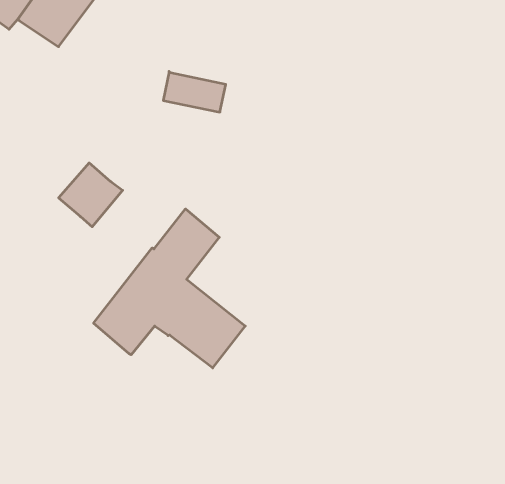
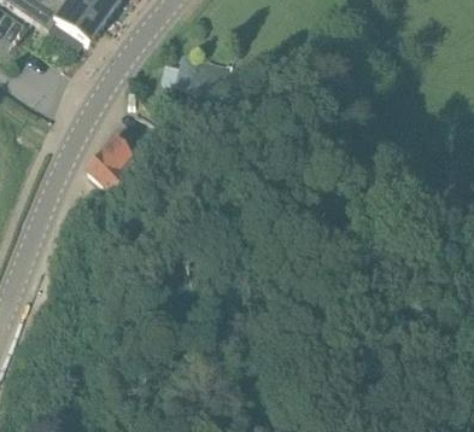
building: [94,209,245,368] -> none

